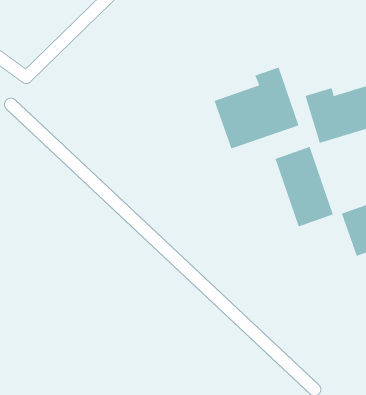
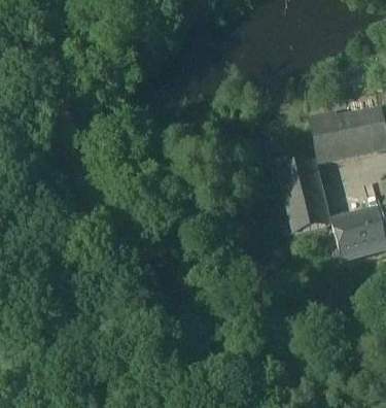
building: [213,67,300,149] -> none

